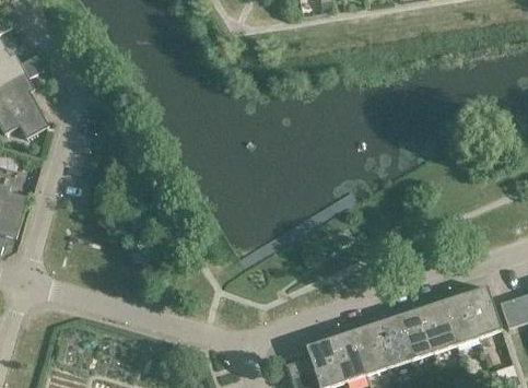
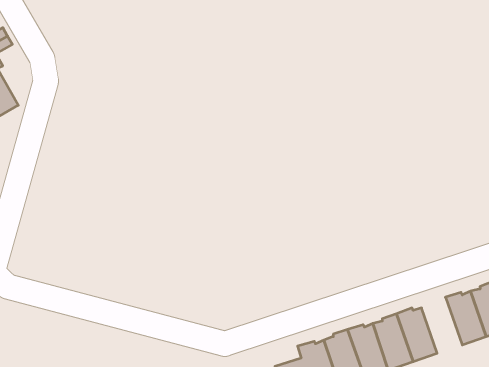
building: [418,301,455,352] -> none

